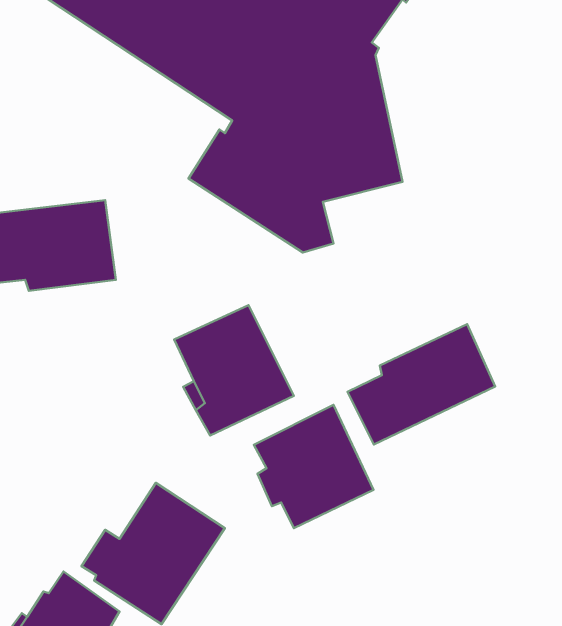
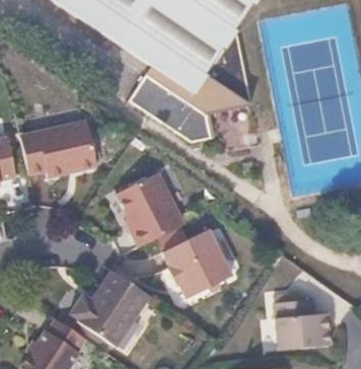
building: [348,324,495,444] -> none
building: none -> [274,294,331,347]

